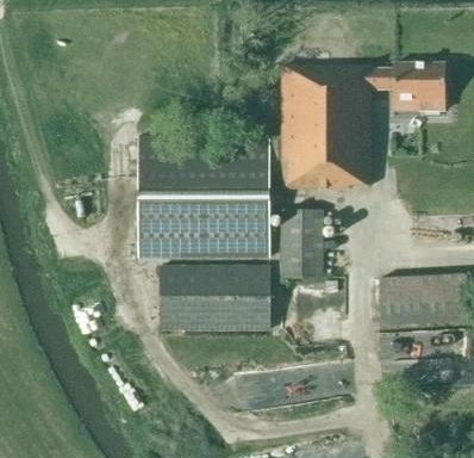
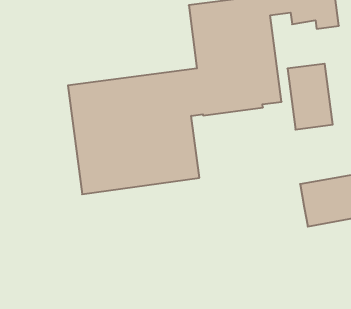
building: [281,210,323,278] -> [287,64,333,130]
building: [160,266,269,329] -> none

